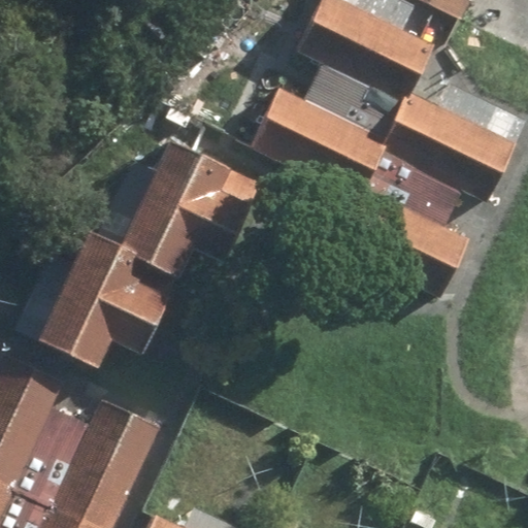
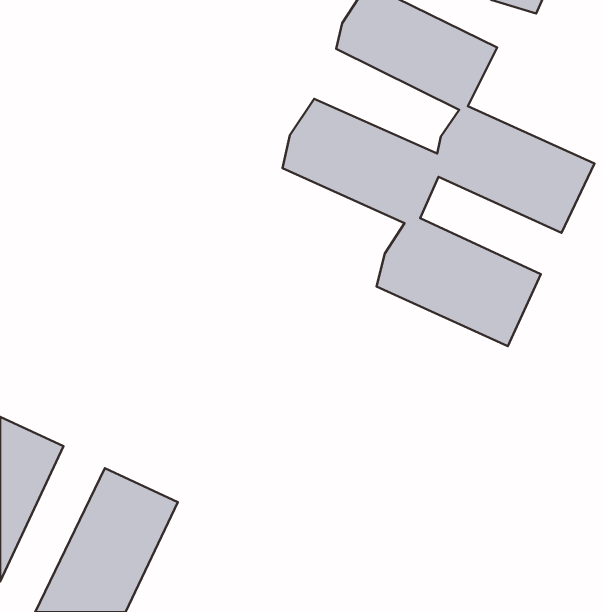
building: [31,141,242,367] -> none

